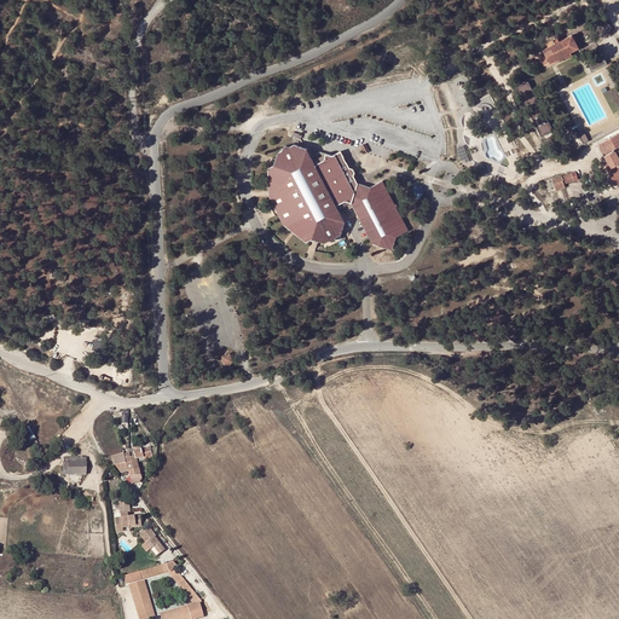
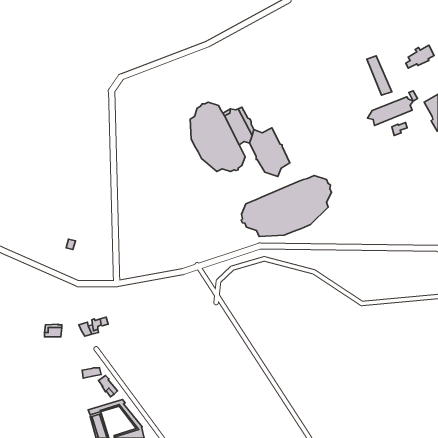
building: [539,34,579,66] -> [406,45,434,68]
building: none -> [367,97,413,125]
building: none -> [241,176,331,236]

